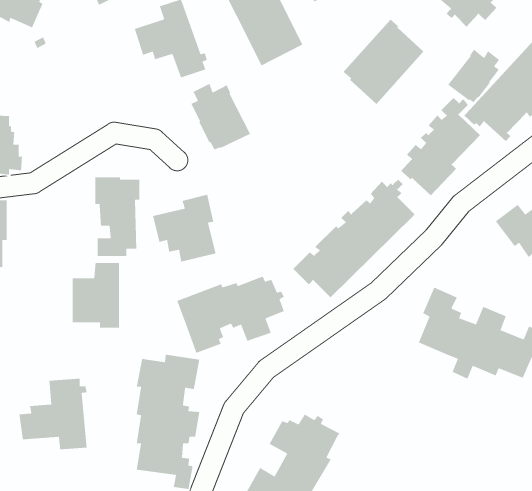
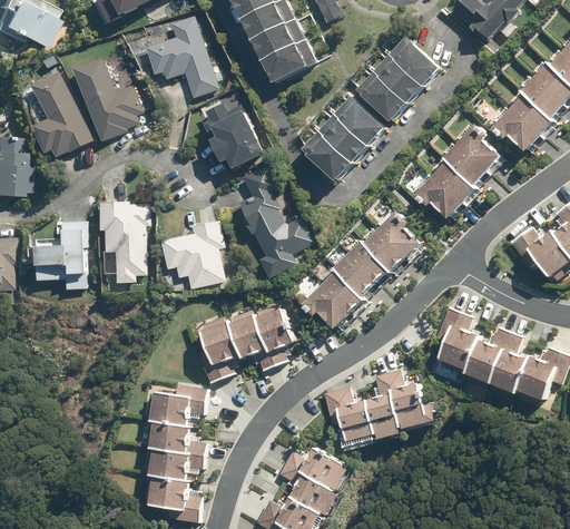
building: none -> [70,57,141,141]
building: [447,49,500,103] -> none
building: none -> [28,71,90,157]
building: none -> [301,98,386,185]
building: none -> [239,160,315,276]
building: [72,262,120,328] -> [38,218,87,286]
building: none -> [324,366,439,449]
building: [19,378,88,450] -> none

